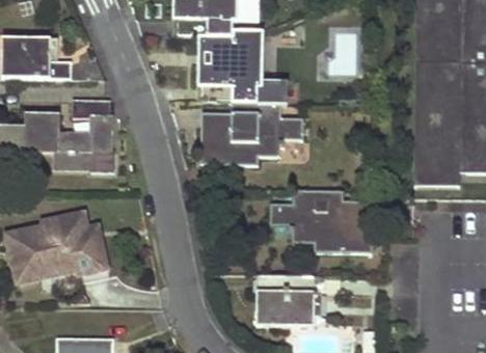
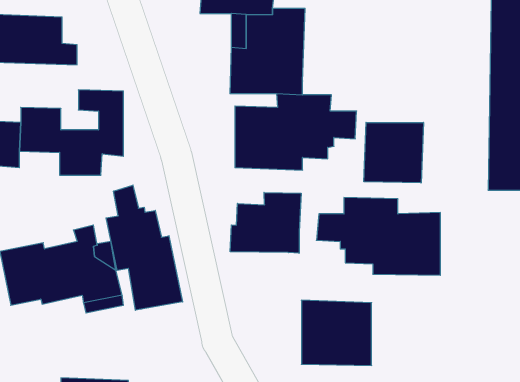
building: none -> [364,122,423,183]
building: none -> [106,185,183,310]
building: none -> [230,192,301,253]

